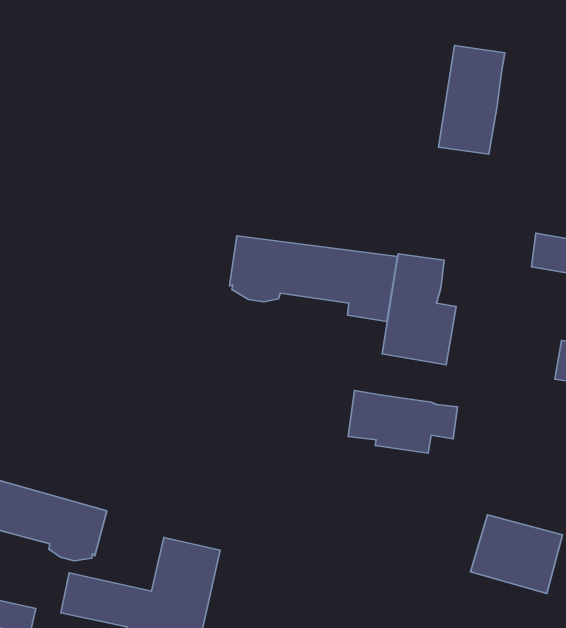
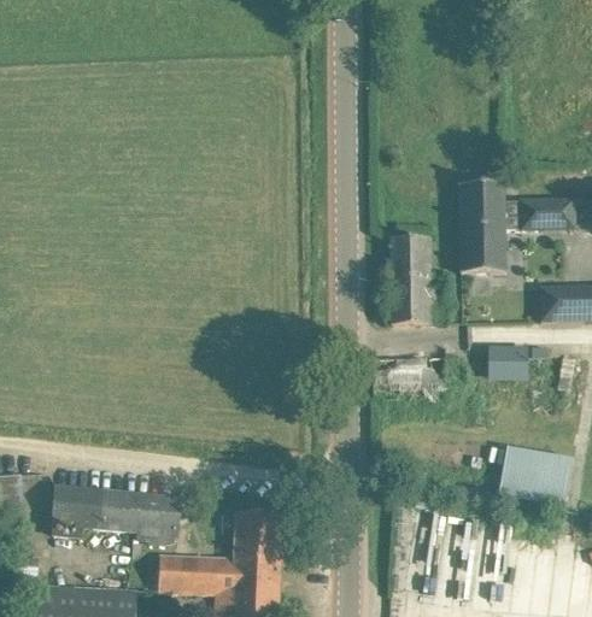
building: [439,46,505,154] -> [461,184,505,274]
building: [230,236,398,321] -> none
building: none -> [487,343,528,378]

